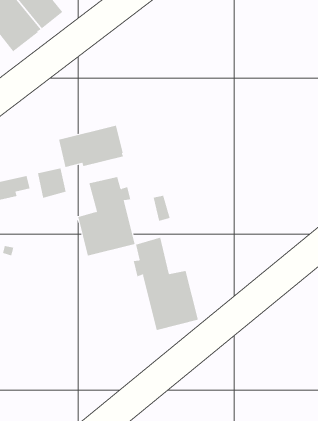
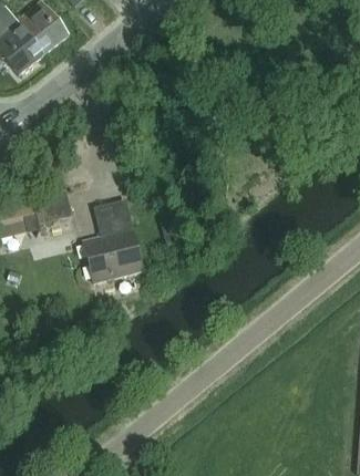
building: [59,125,124,168] -> none
building: [133,237,198,331] -> none

